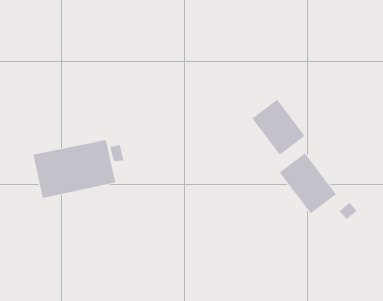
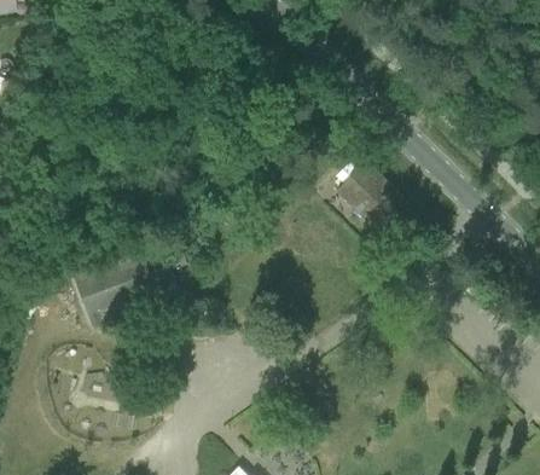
building: [279,153,337,214] -> none

